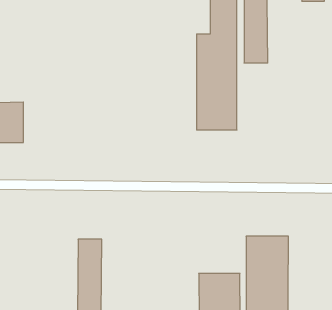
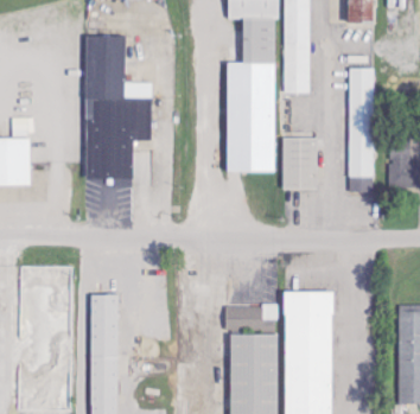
building: none -> [84,34,151,178]
building: none -> [348,68,371,190]
building: none -> [280,136,316,187]

